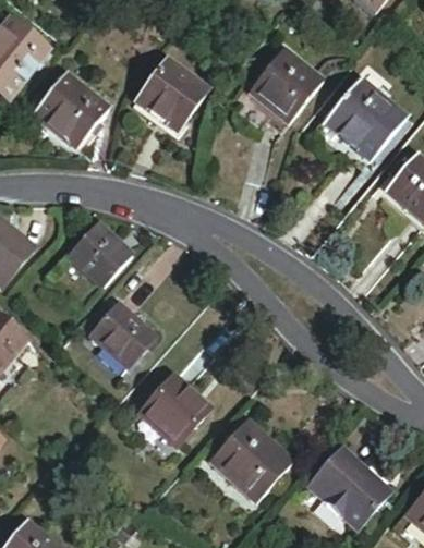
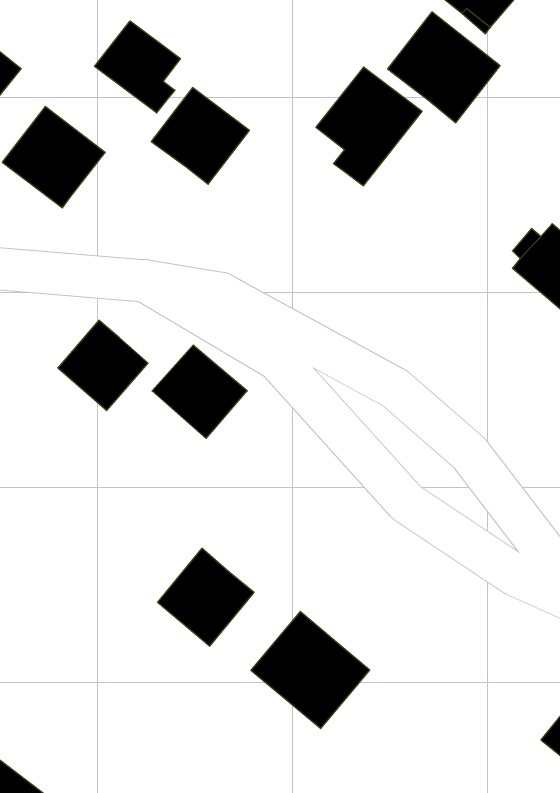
building: none -> [95,21,180,113]
building: [328,82,405,158] -> [388,12,500,123]
building: [92,301,157,365] -> [152,345,247,438]
building: [307,451,388,531] -> none

